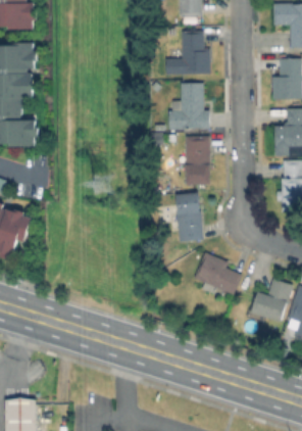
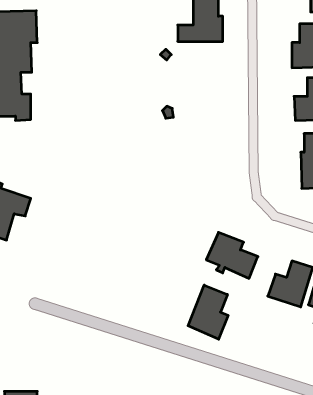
building: [168,83,210,130] -> none
building: [185,136,210,185] -> none
building: [178,189,202,240] -> none
building: none -> [188,285,228,339]

